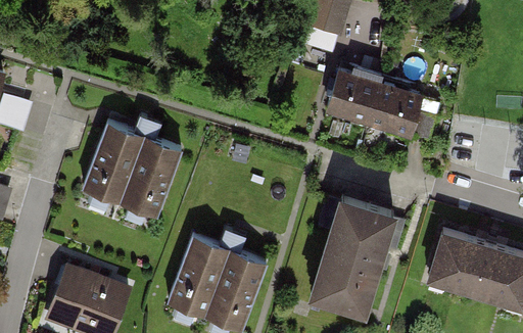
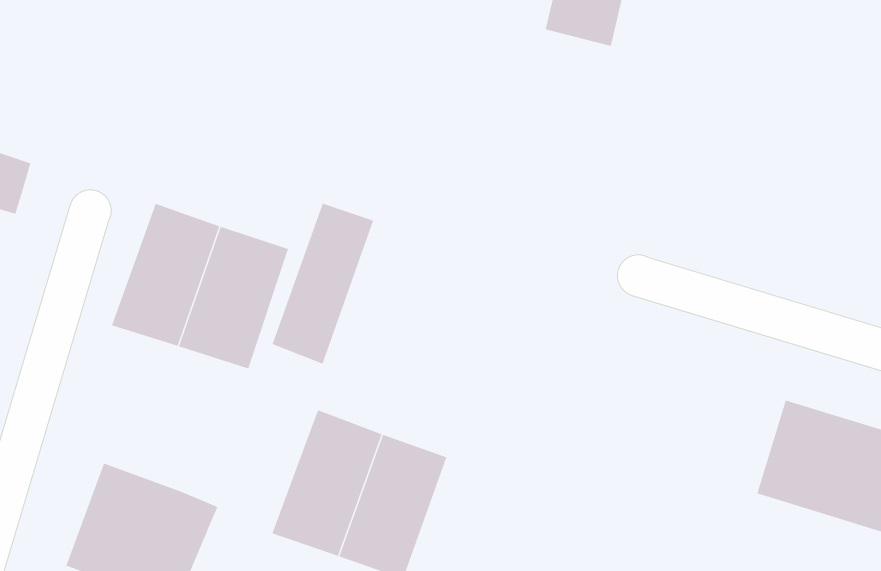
building: [334,73,434,137] -> none
building: none -> [272,203,374,364]
building: [305,202,392,313] -> none

